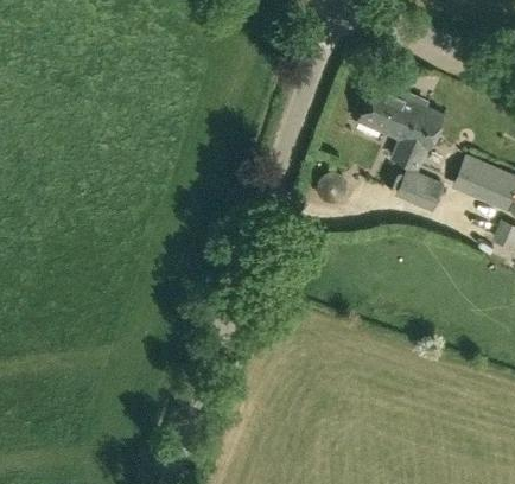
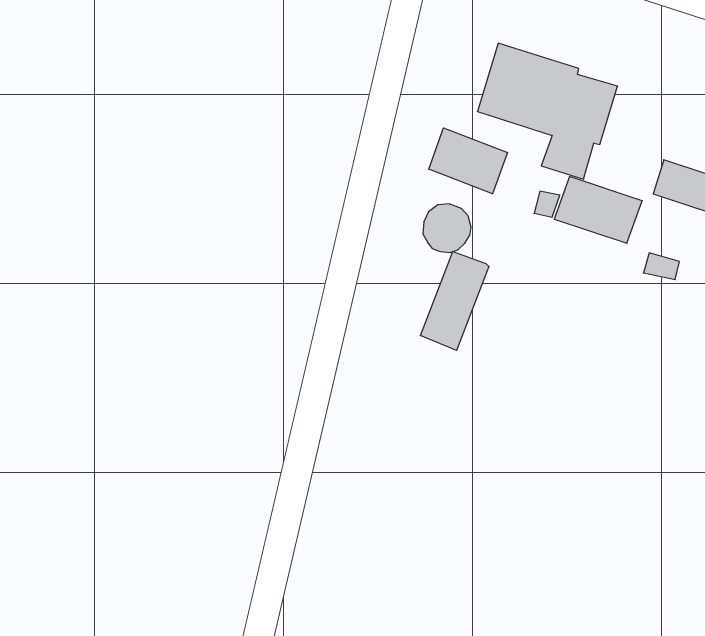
building: none -> [429,128,507,194]
building: none -> [420,252,489,350]

